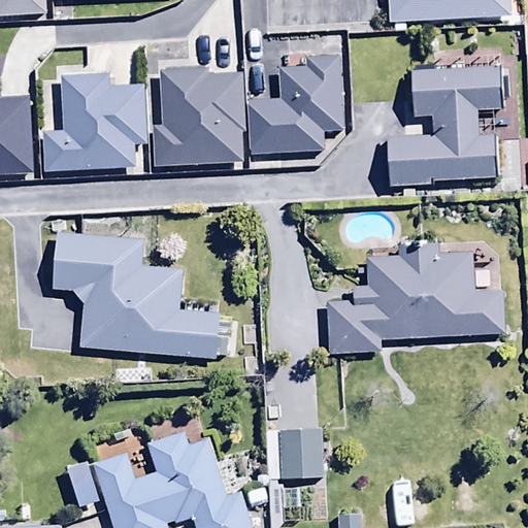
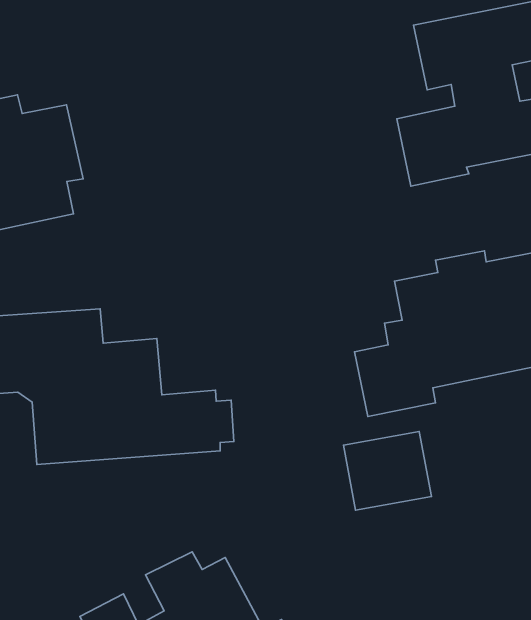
building: [249,55,342,154] -> none
building: [152,67,245,166] -> none
building: [265,428,324,478] -> [343,431,431,510]

